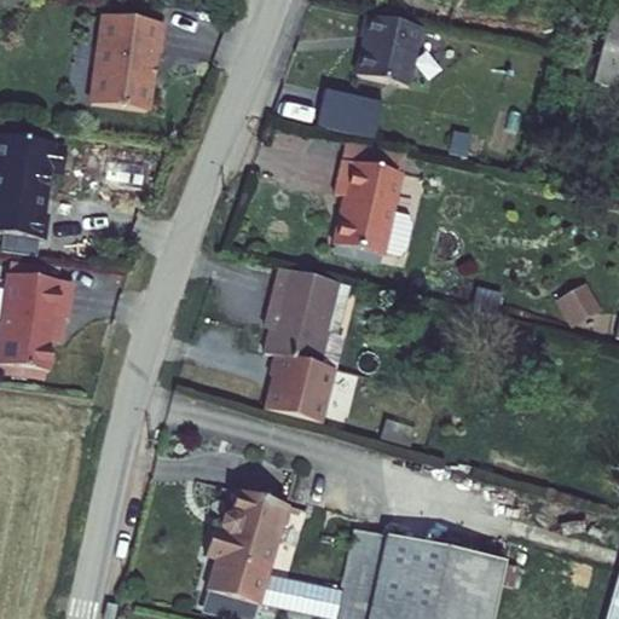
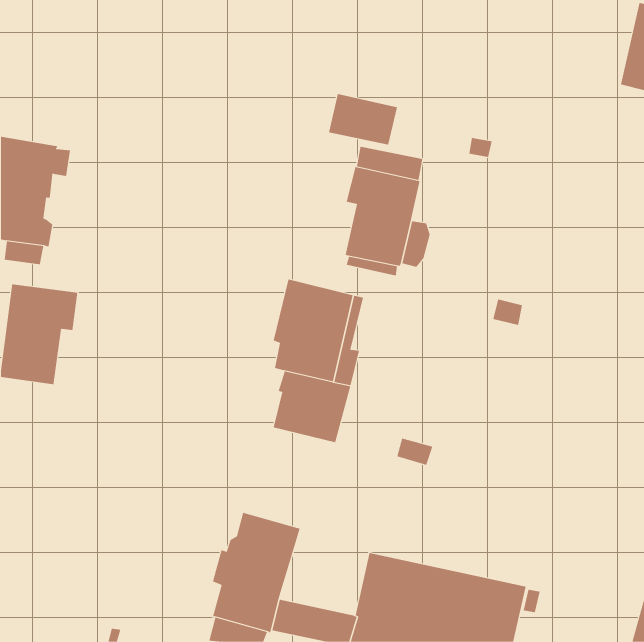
building: [91,11,162,108] -> none
building: [353,15,422,87] -> none
building: [556,283,603,328] -> none

